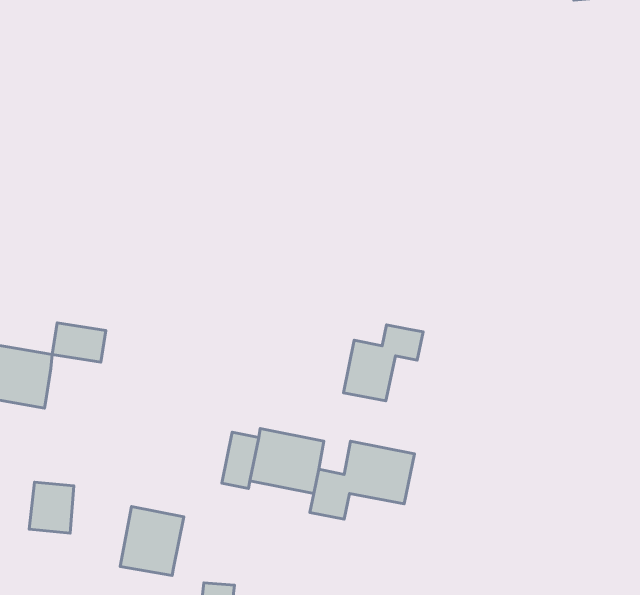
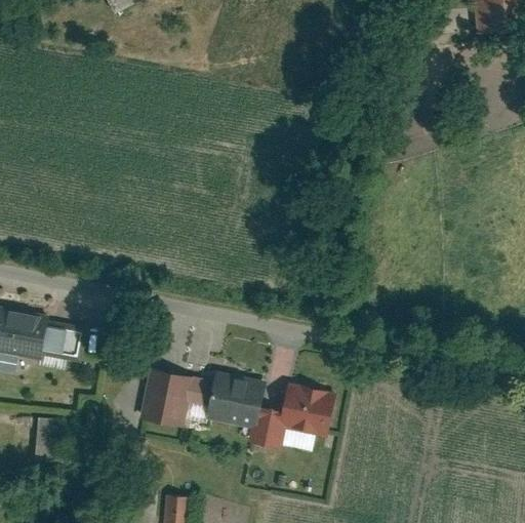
building: [52,323,106,362] -> [39,326,82,358]
building: [344,325,423,401] -> none
building: [120,507,184,575] -> [137,369,189,425]

